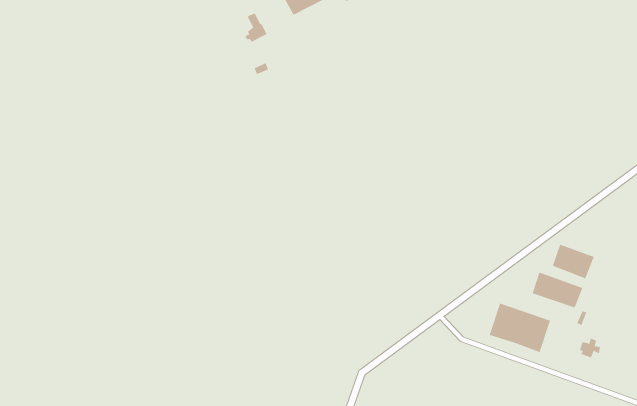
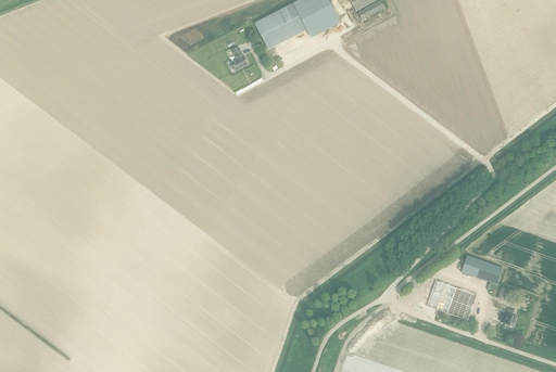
building: [552,244,595,279] -> none

